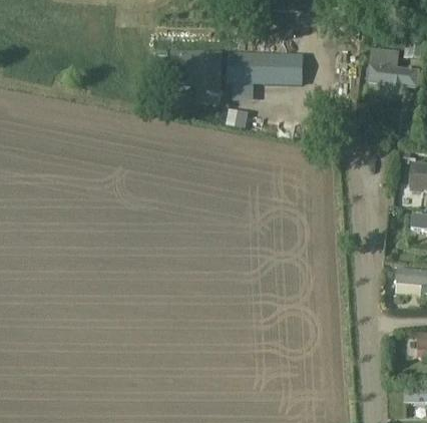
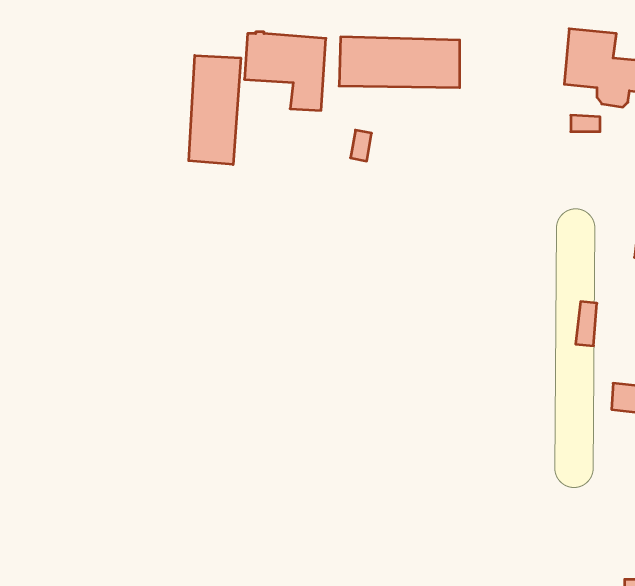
building: none -> [189,55,241,165]

